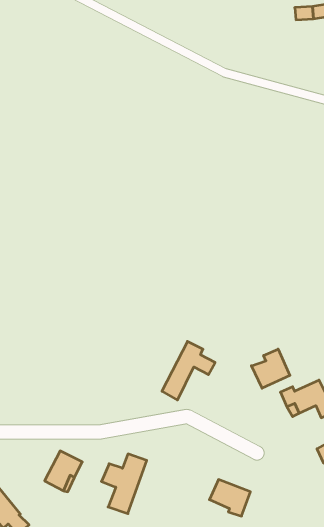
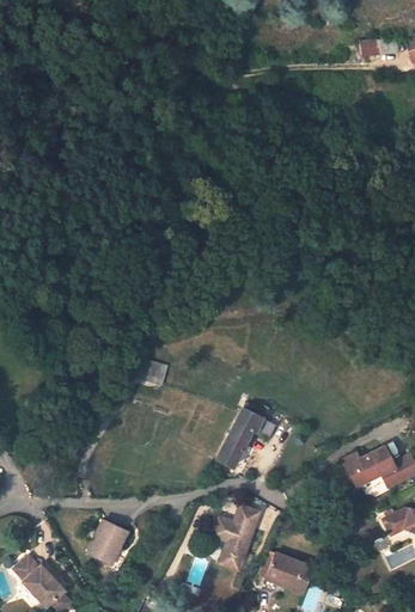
building: none -> [129,359,165,386]
building: [251,349,290,388] -> none
building: [101,454,147,514] -> [210,506,260,570]

